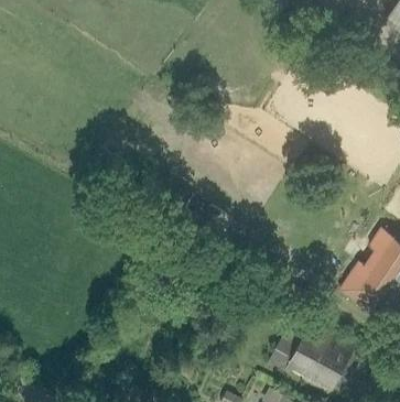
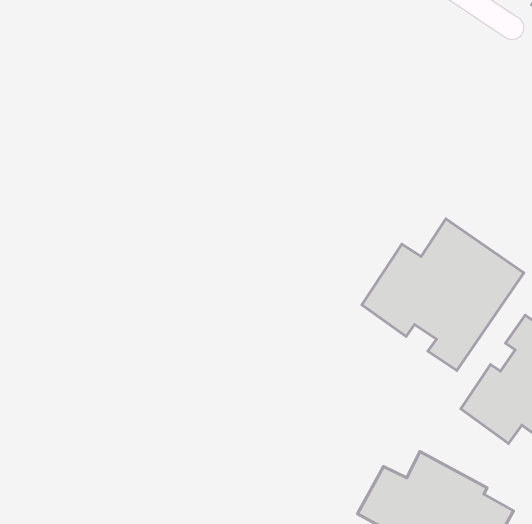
building: none -> [362,219,524,370]

